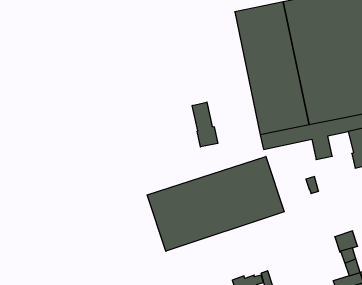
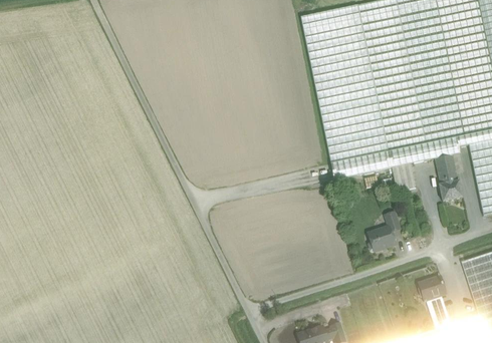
building: [192,102,218,147] -> none
building: [147,156,284,251] -> none
building: none -> [370,225,396,250]

